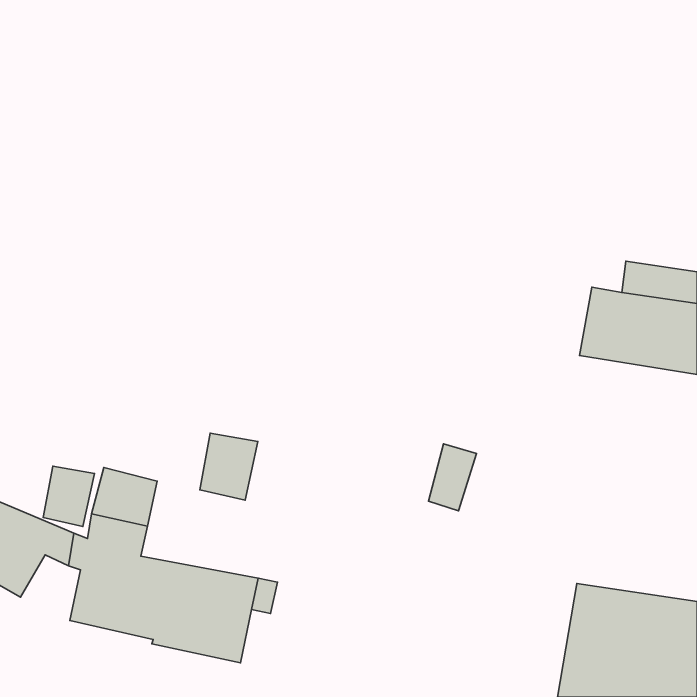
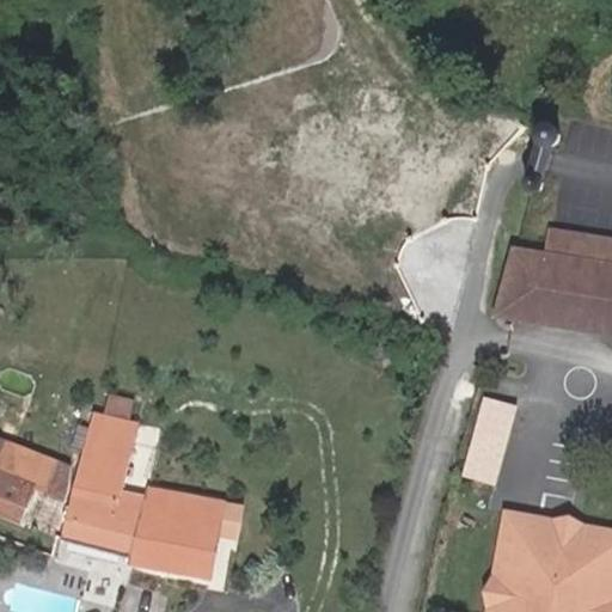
building: [200,433,258,500] -> none
building: [429,444,476,511] -> [470,421,512,479]
building: [43,466,94,526] -> none

